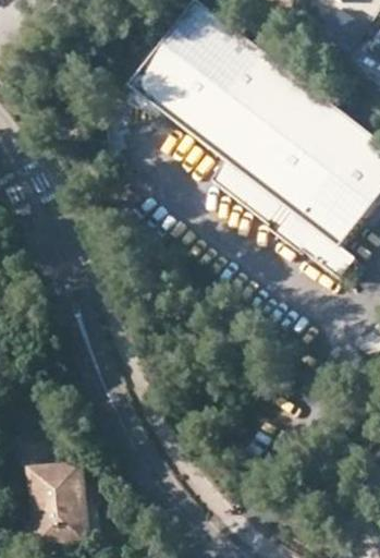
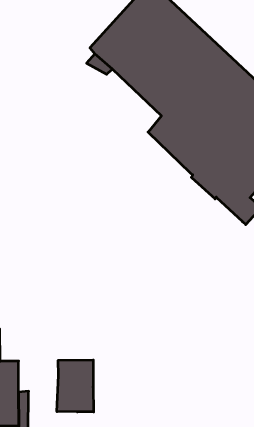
building: none -> [57,360,94,412]

